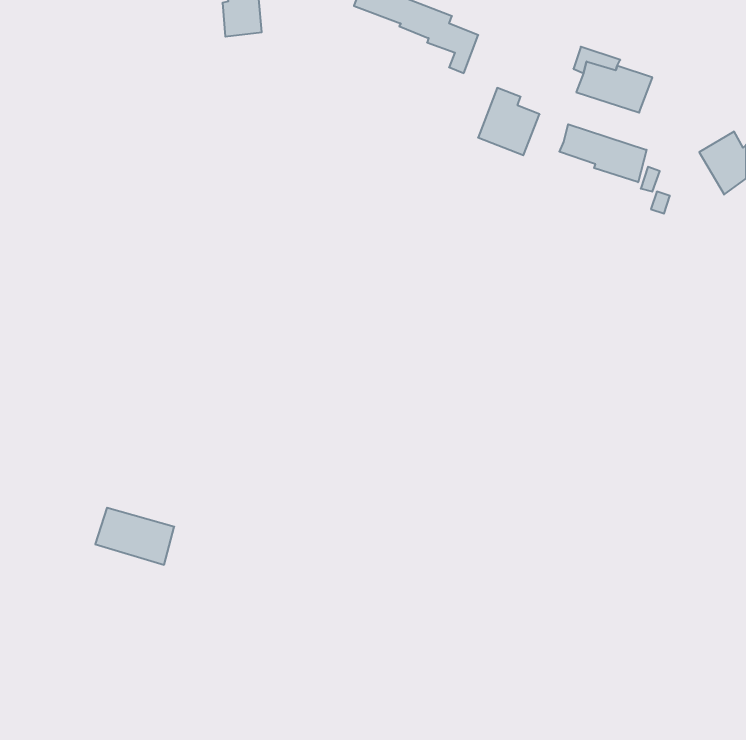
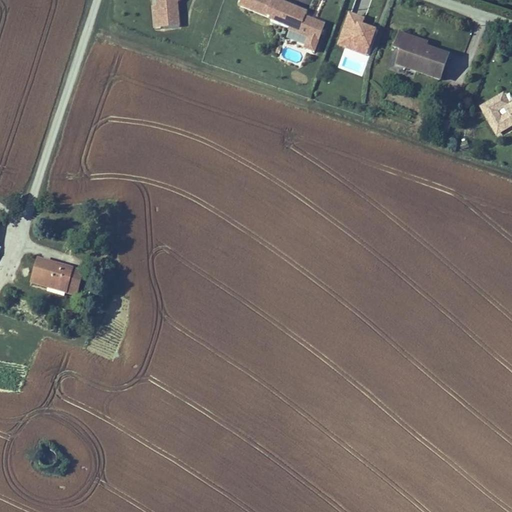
building: [478,88,540,155] -> [337,6,379,52]
building: [559,124,647,182] -> none
building: [95,508,174,565] -> [30,256,84,295]

